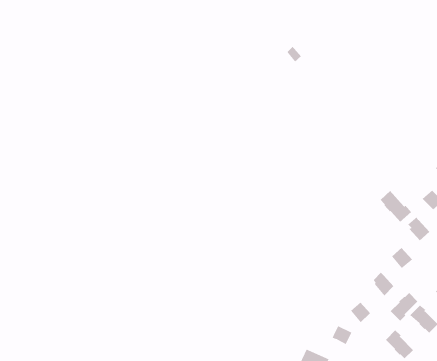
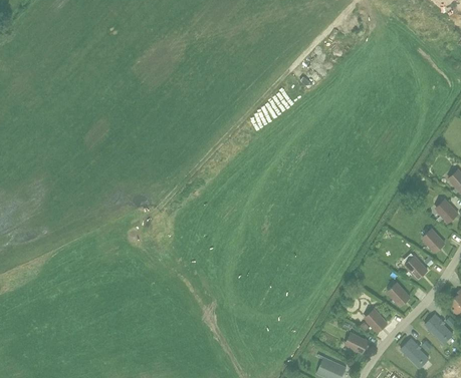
building: [380,190,412,223] -> none
building: [390,292,418,322] -> none

